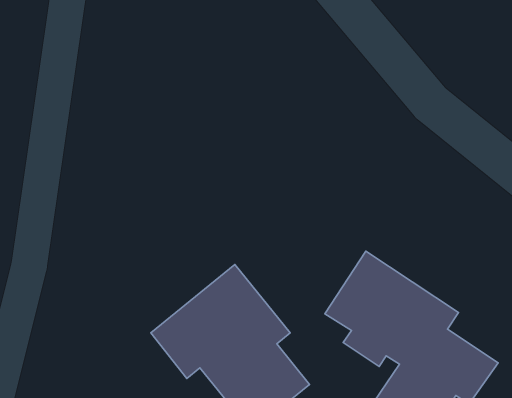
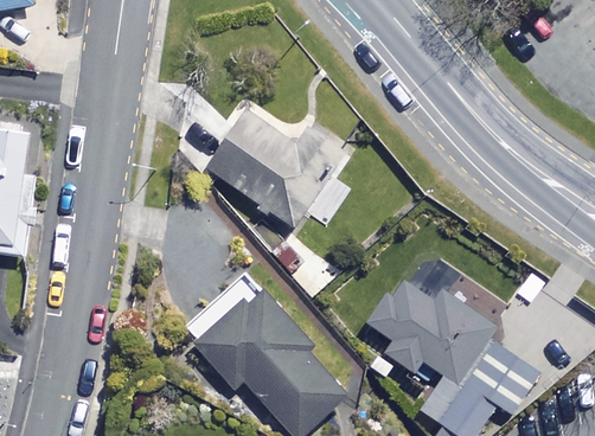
building: none -> [206,113,346,229]

